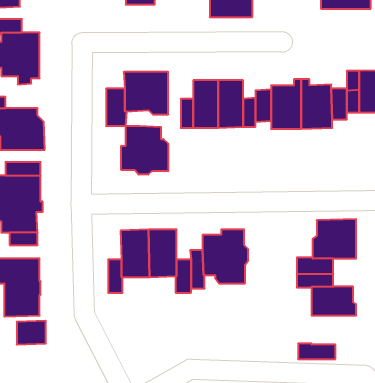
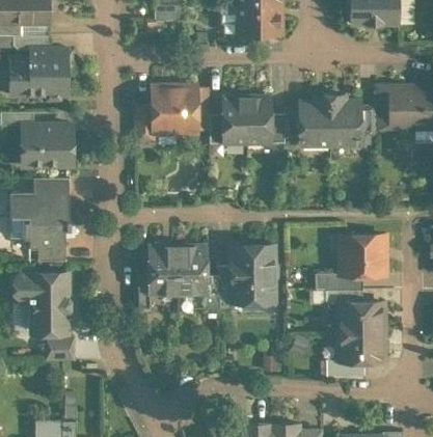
building: [121,126,168,175] -> none
building: none -> [341,332,385,361]

